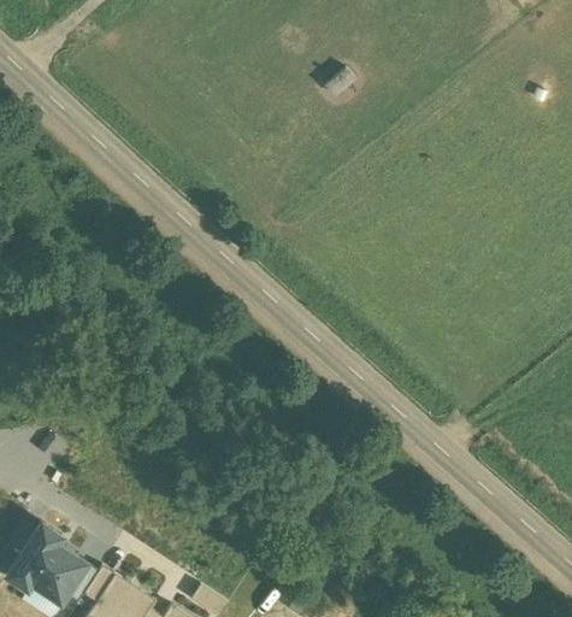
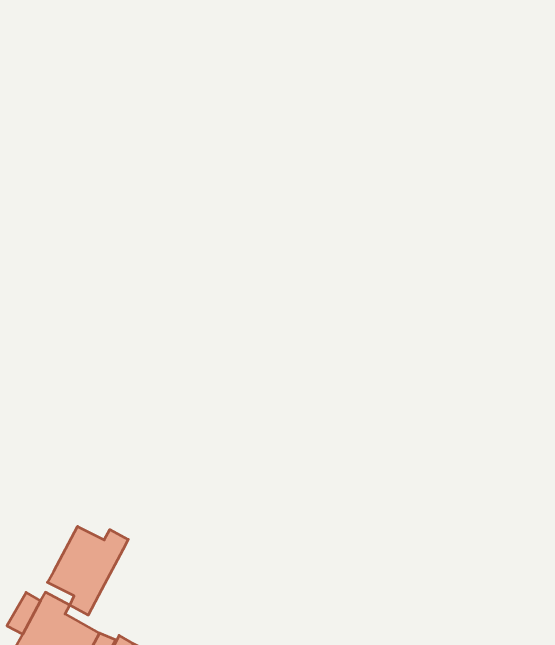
building: none -> [47,526,128,615]

